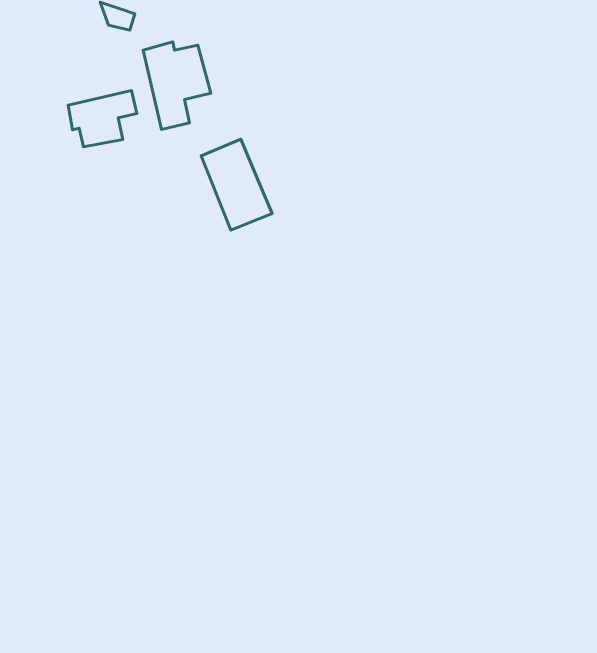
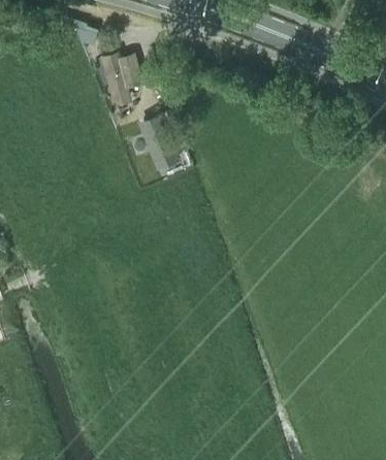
building: [68,91,137,147] -> none

